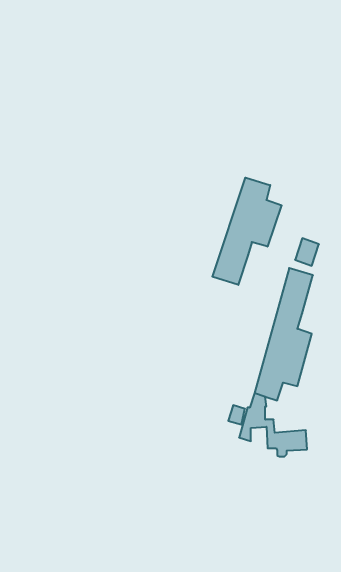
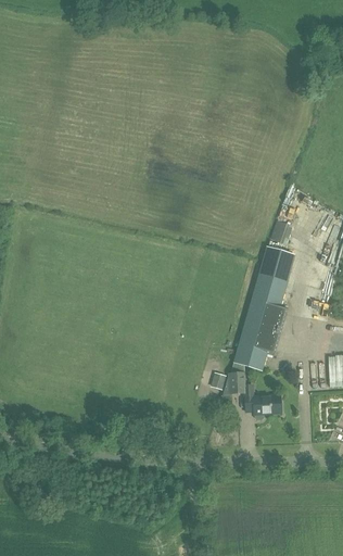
building: [212,178,282,285] -> none

